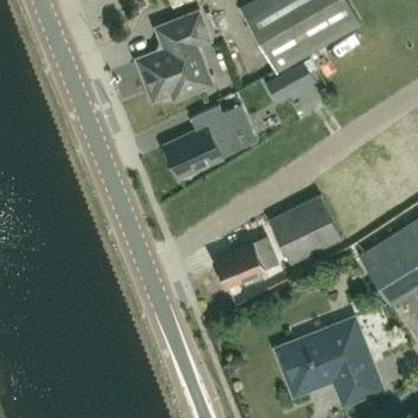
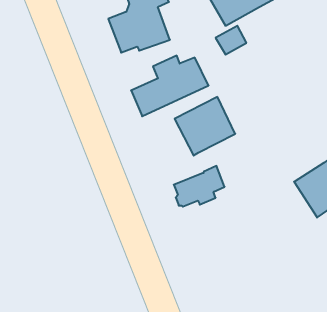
building: [268,195,340,265] -> [175,97,235,156]
building: [276,319,380,400] -> none

